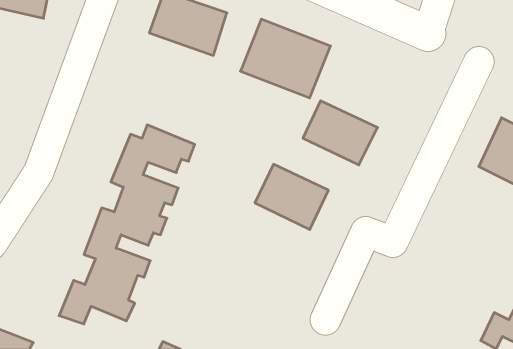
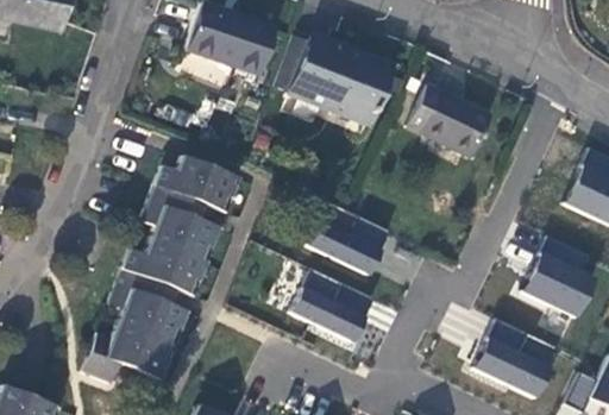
building: [303,101,378,165] -> [408,83,494,157]
building: none -> [522,234,596,316]
building: none -> [293,268,376,341]
building: none -> [475,317,561,397]

